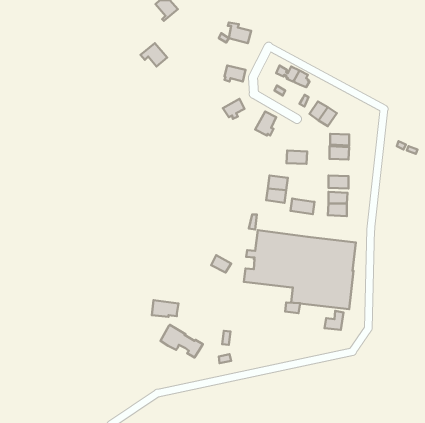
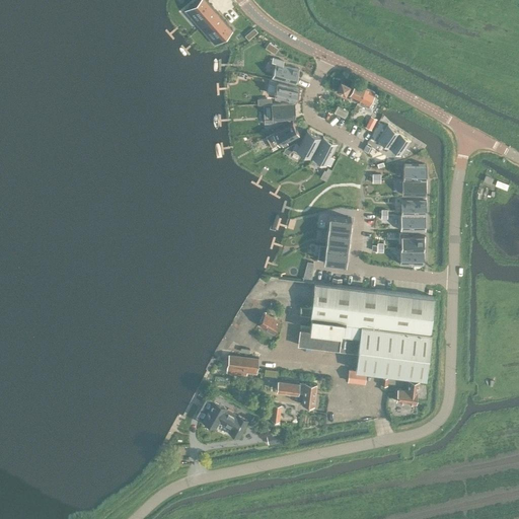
building: [228,22,251,43] -> [271,60,299,85]
building: [141,43,167,66] -> [200,13,232,42]
building: none -> [271,103,295,124]
building: none -> [293,132,320,159]
building: [286,151,307,164] -> [400,201,426,217]
building: [290,198,314,214] -> [318,245,348,265]
building: [152,300,179,317] -> [226,356,258,376]
building: none -> [276,380,316,407]

